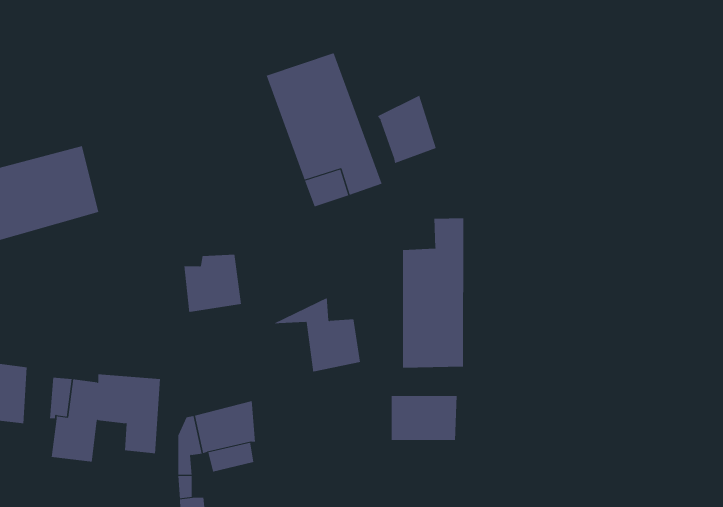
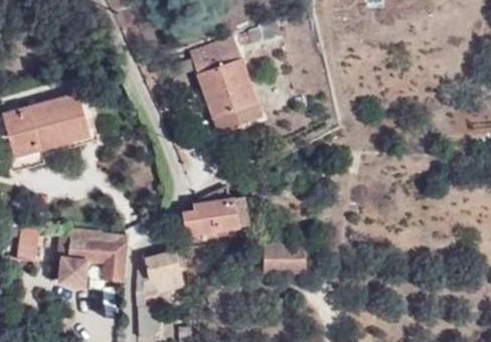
building: [377,95,436,164] -> none
building: [402,218,464,369] -> none
building: [183,254,242,313] -> [183,201,218,236]

